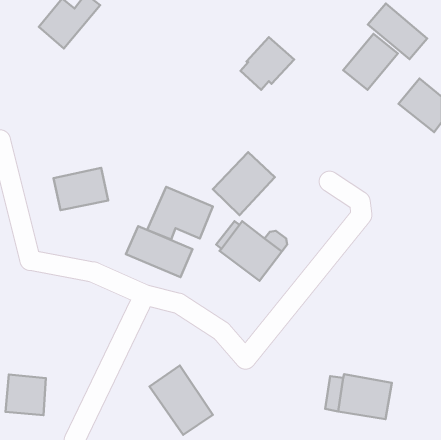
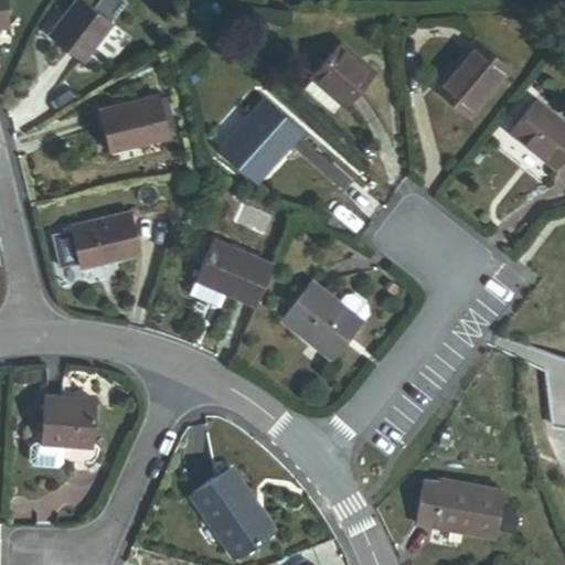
building: [368,4,427,59] -> none
building: none -> [99,95,169,150]
building: [213,152,275,215] -> [224,102,303,182]
building: [126,226,193,277] -> none
building: [5,375,46,415] -> [41,394,93,446]

